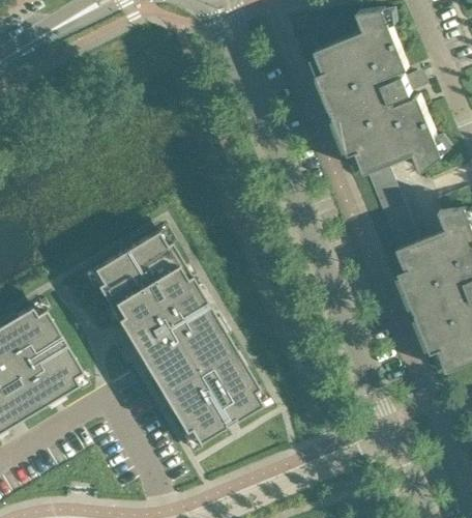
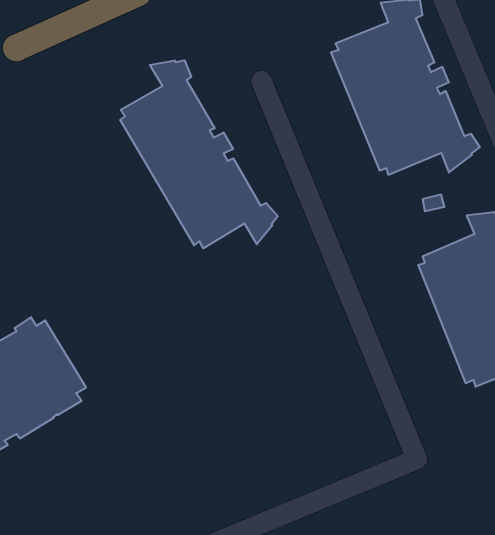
building: none -> [120,60,278,248]
building: [92,232,260,443] -> none

